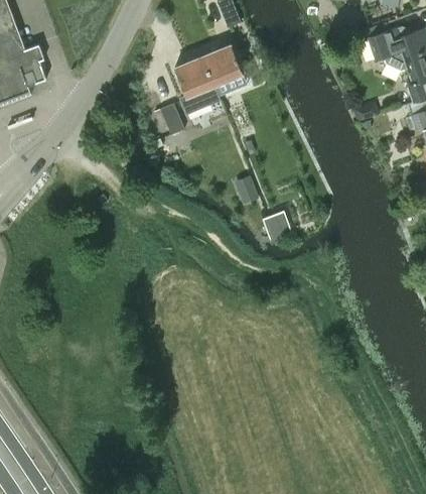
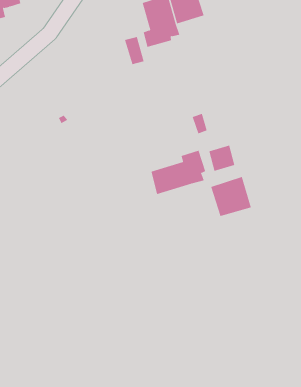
building: none -> [151,150,206,195]
building: none -> [210,176,252,217]

